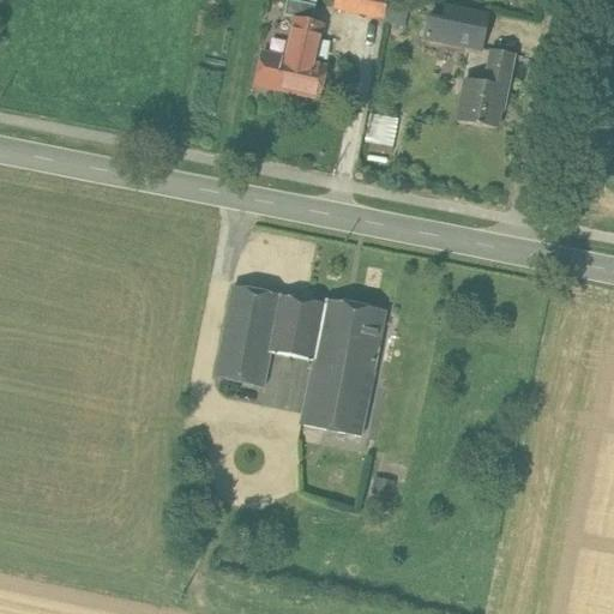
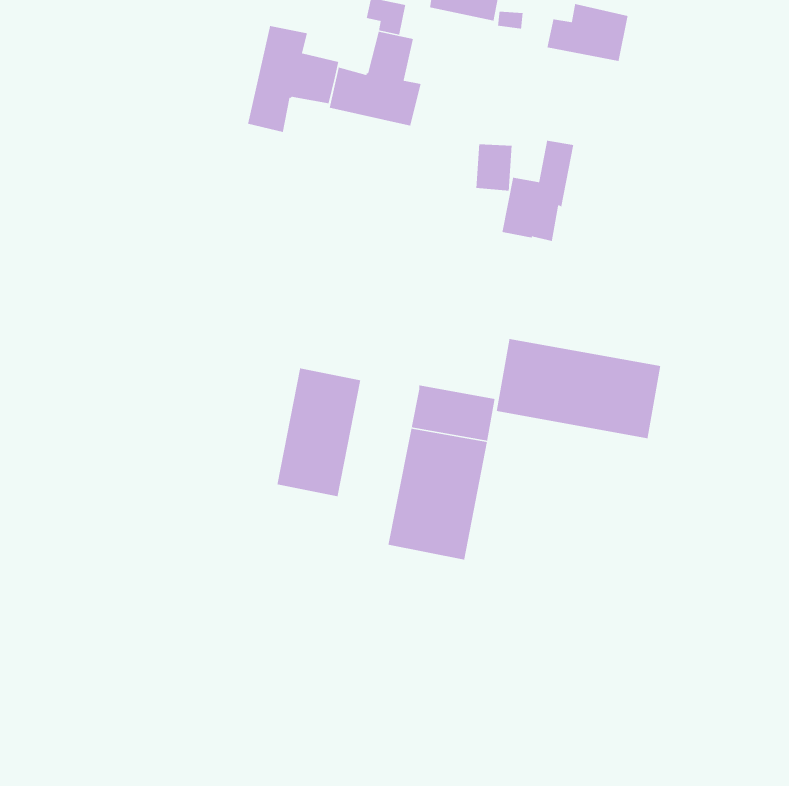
building: none -> [247,25,339,133]
building: [457,49,513,128] -> [502,140,574,242]
building: none -> [496,338,661,439]
building: [263,295,325,397] -> none

